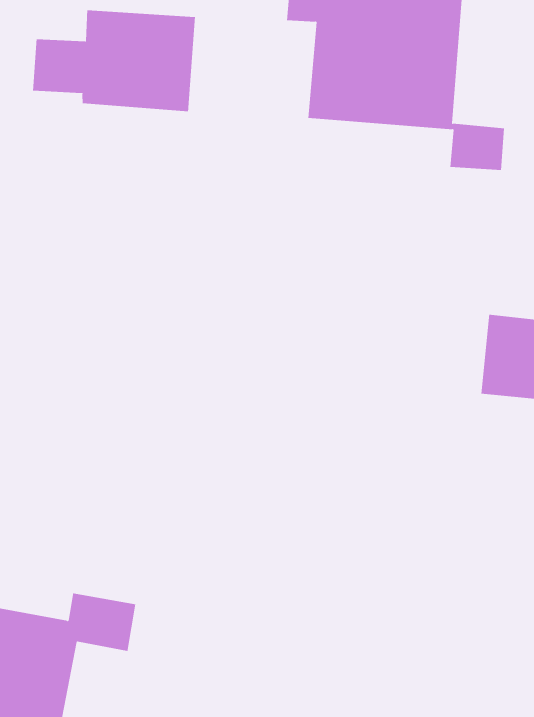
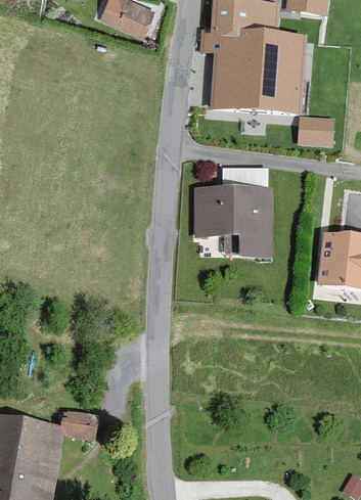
building: [33,10,196,112] -> none
building: none -> [194,166,273,259]

